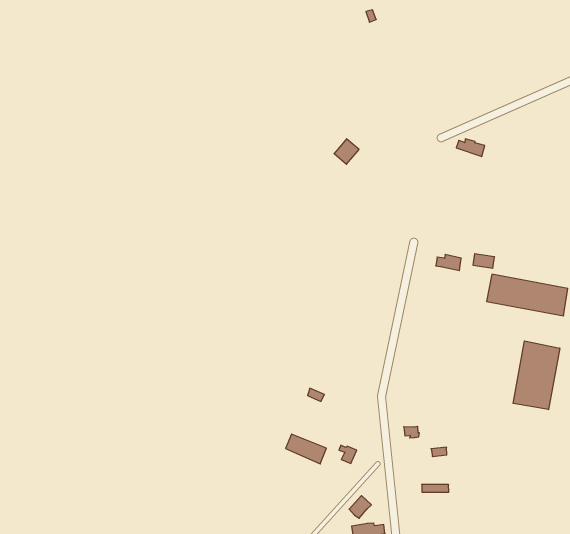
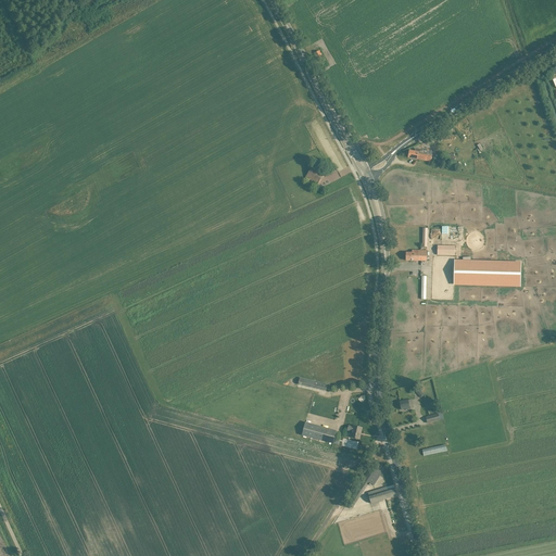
building: [513,341,560,410] -> none

